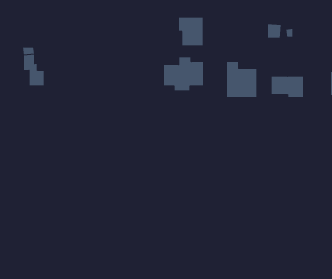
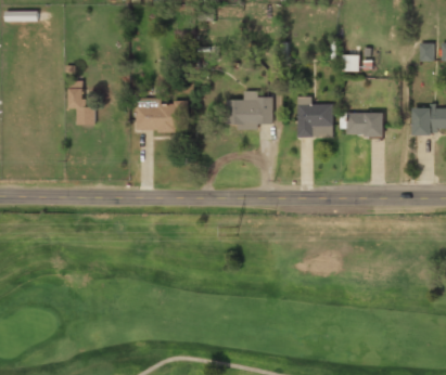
building: [178,17,203,46] -> none
building: none -> [137,98,188,131]

